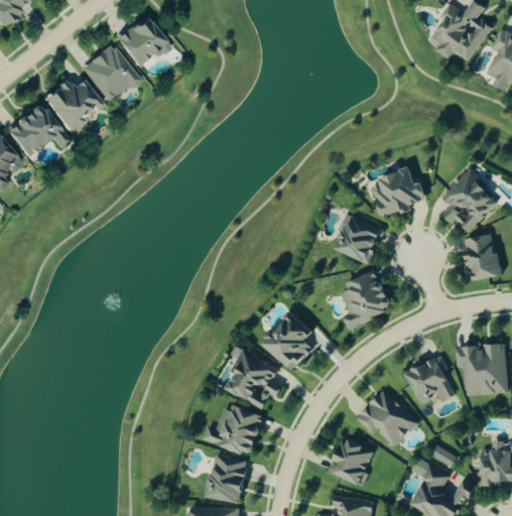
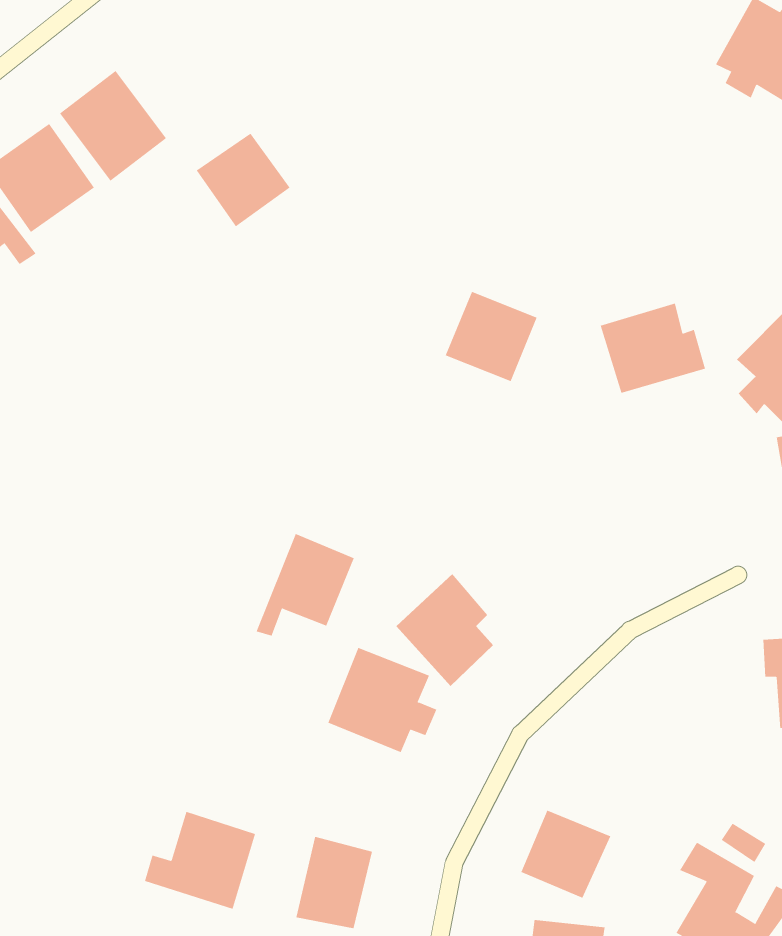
building: [117,16,167,67] -> [196,133,290,227]
building: [334,215,383,263] -> [445,291,538,382]
building: [340,270,393,329] -> none
building: none -> [256,533,354,637]
building: [405,357,455,404] -> none
building: [357,389,420,446] -> none
building: [204,403,263,456] -> [144,811,256,910]

